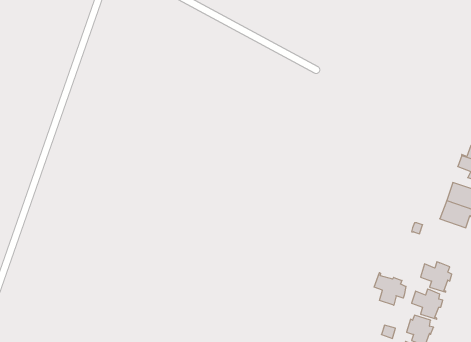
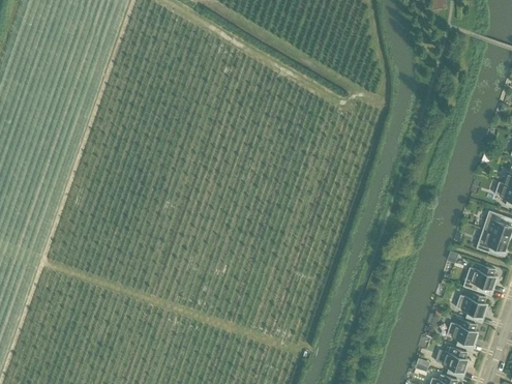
building: none -> [462,266,496,297]
building: [374,273,406,305] -> none

